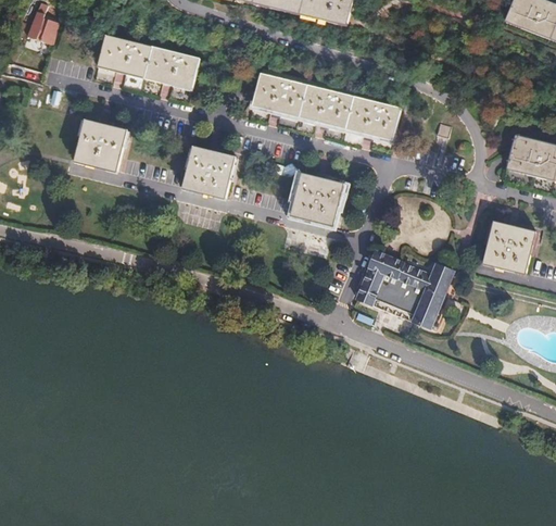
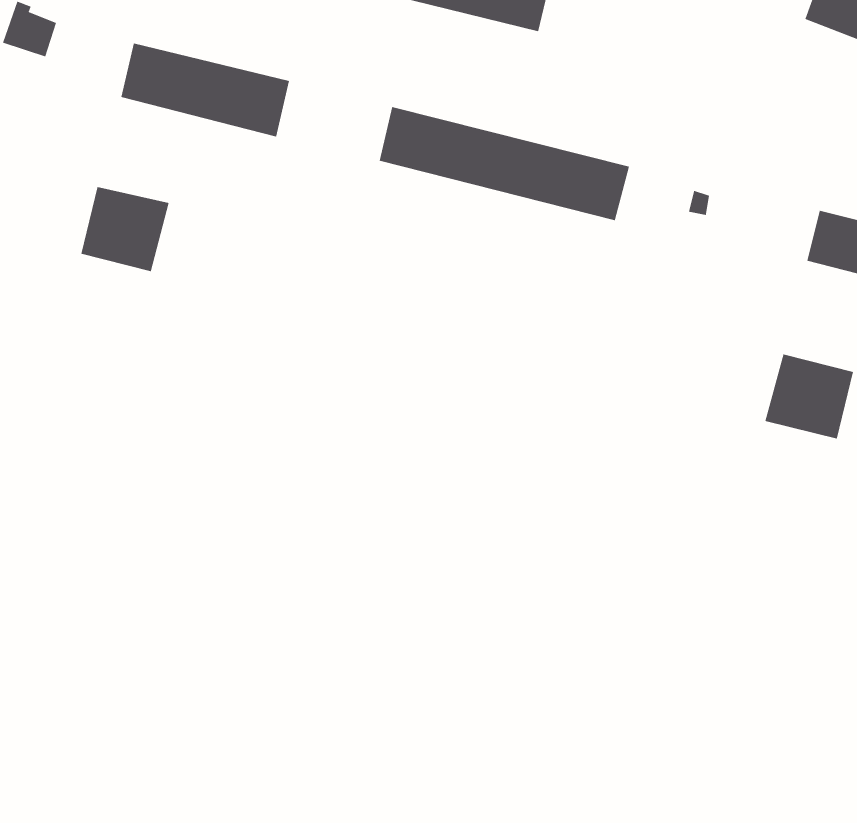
building: [182,147,235,198] -> none
building: [290,174,343,224] -> none
building: [356,252,453,328] -> none

